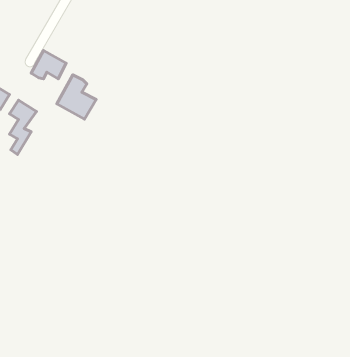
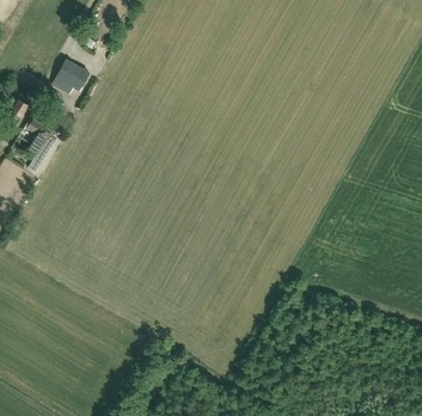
building: [57,75,96,119] -> none

